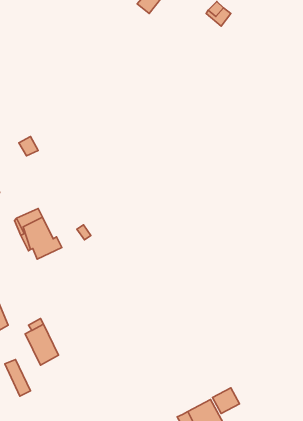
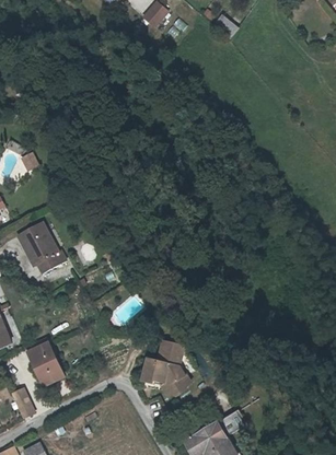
building: none -> [138,339,186,394]

